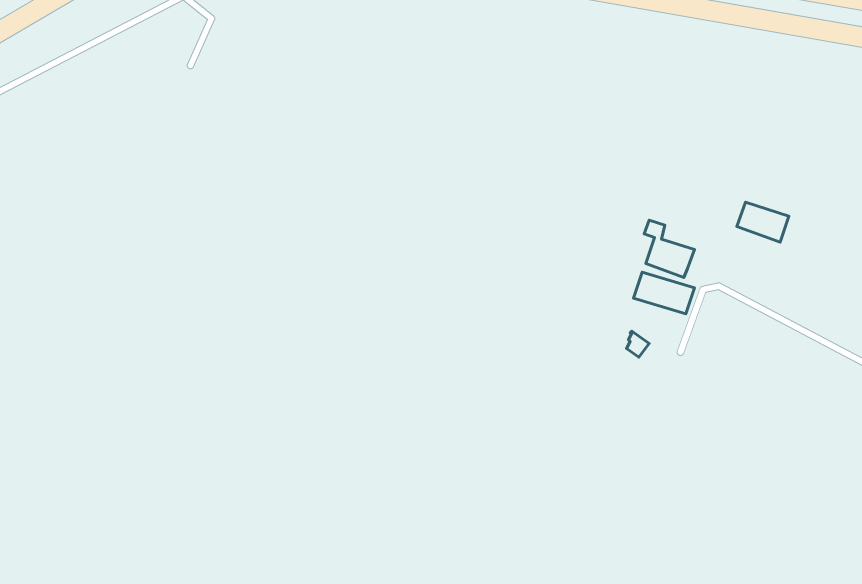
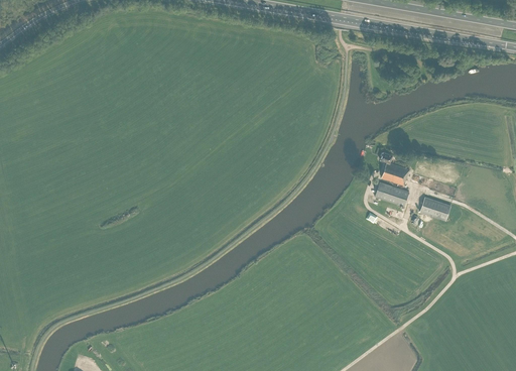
building: [737,202,789,242] -> [420,198,450,221]

